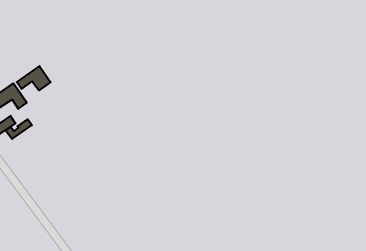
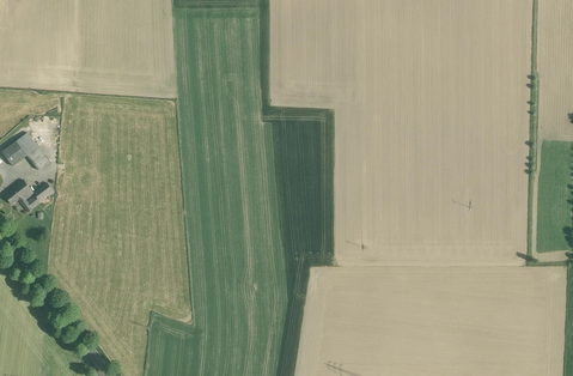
building: [17,66,51,90] -> none

